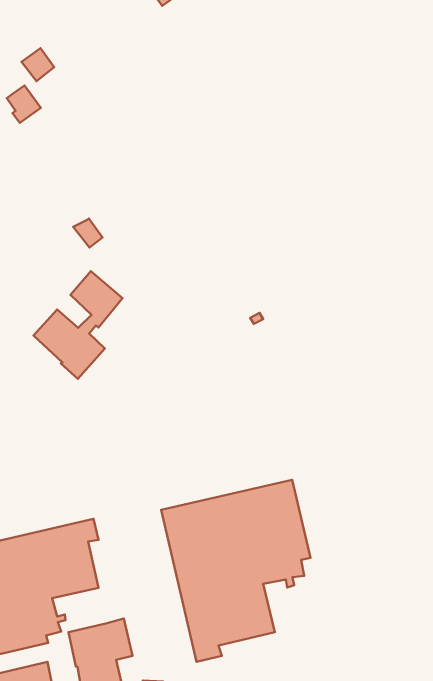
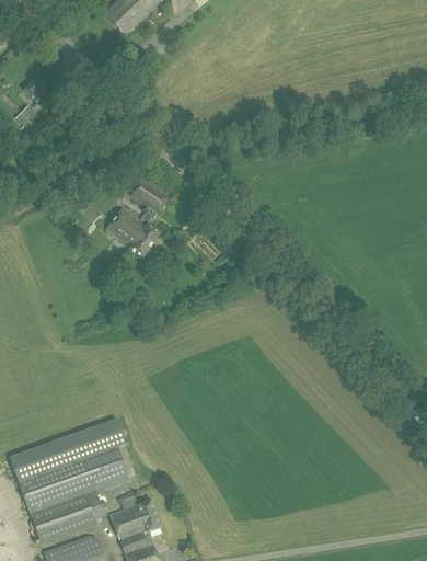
building: [34,271,123,379] -> [105,176,169,259]
building: [161,480,310,662] -> none

